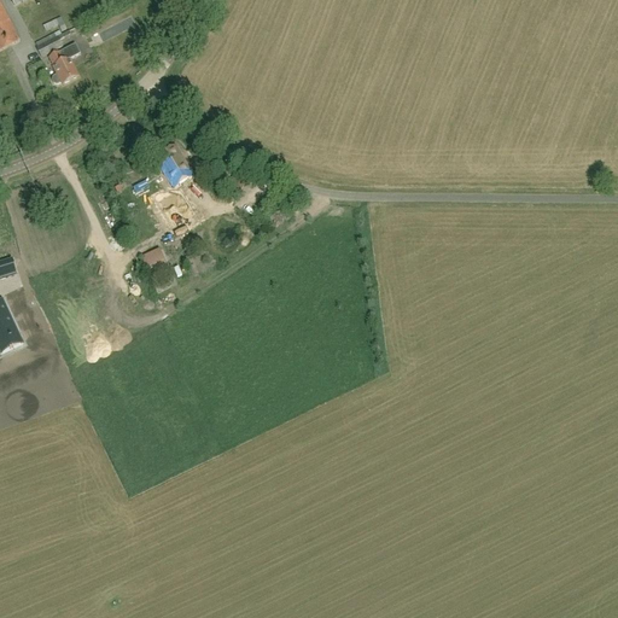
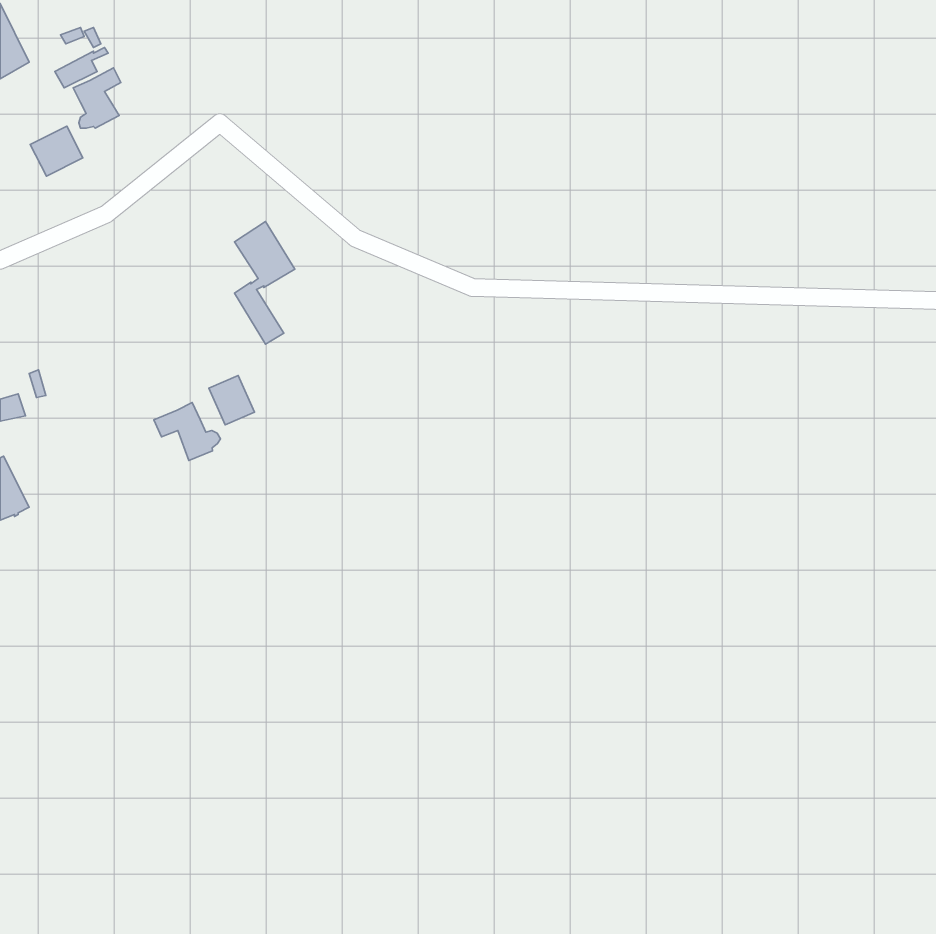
building: none -> [30,126,83,176]
building: none -> [154,402,221,460]

